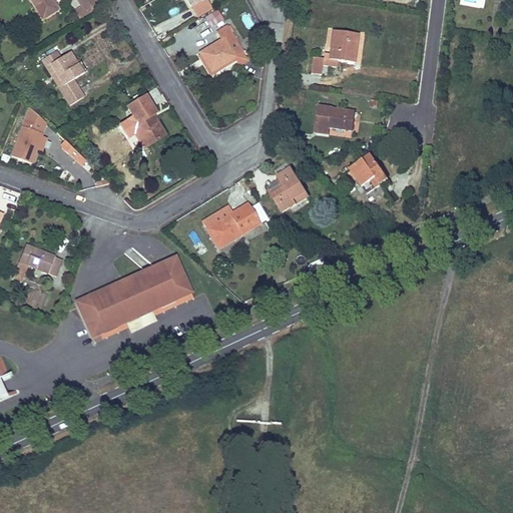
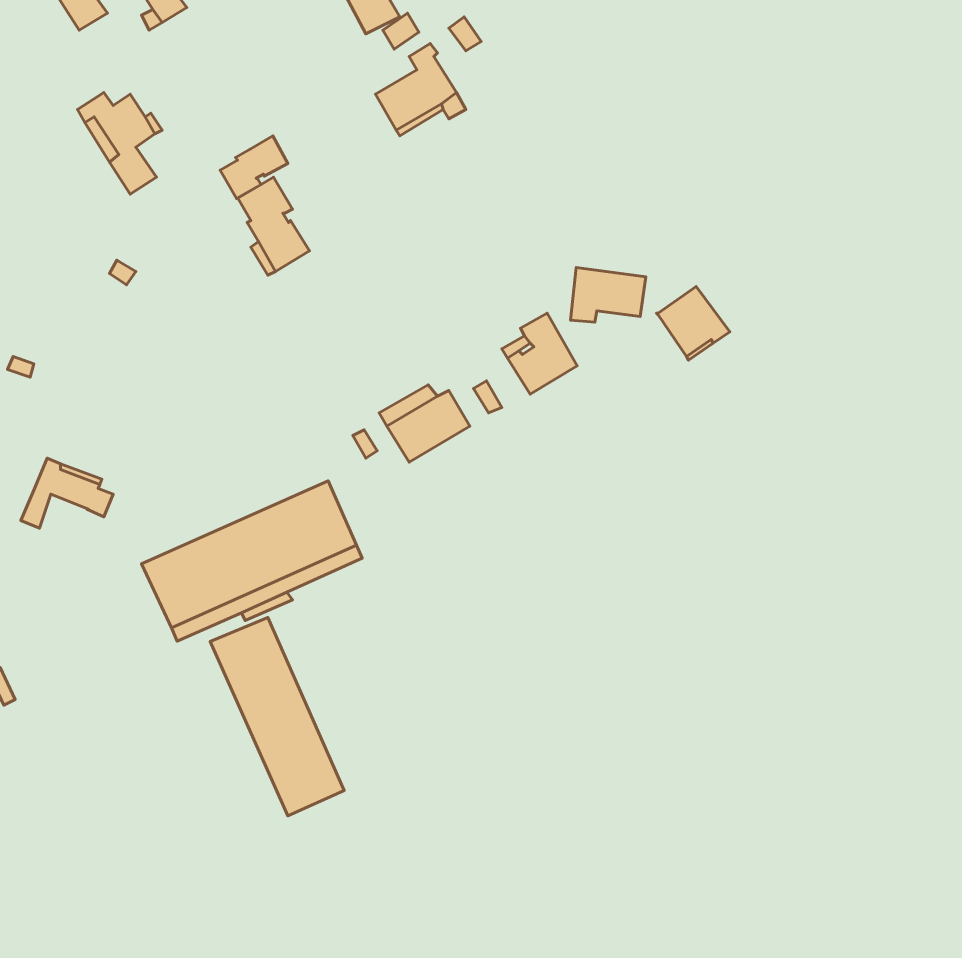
building: [311,28,358,72] -> none
building: none -> [220,136,288,198]
building: [315,103,355,132] -> [570,267,646,322]
building: [10,109,48,163] -> none
building: none -> [210,617,344,816]

